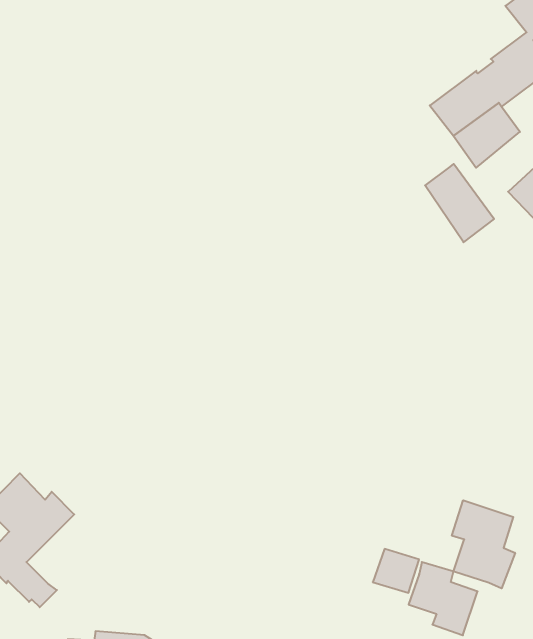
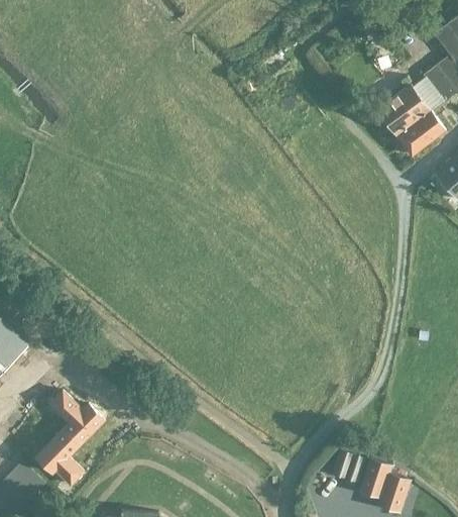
building: [425,164,494,242] -> none
building: [452,500,515,588] -> none

